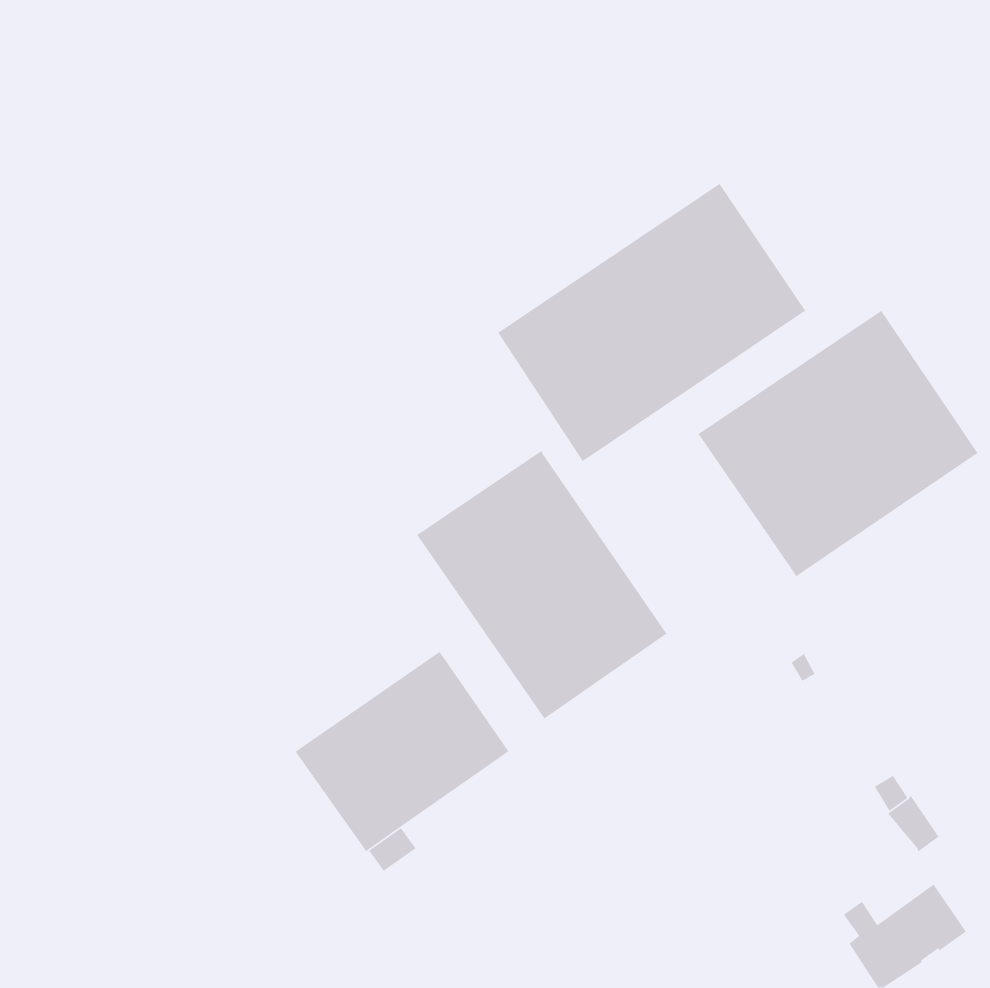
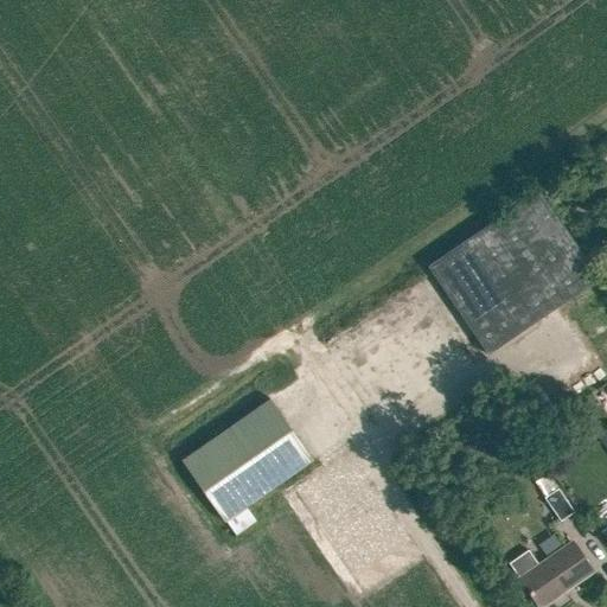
building: [497,183,806,462] -> none
building: [416,450,668,719] -> none

